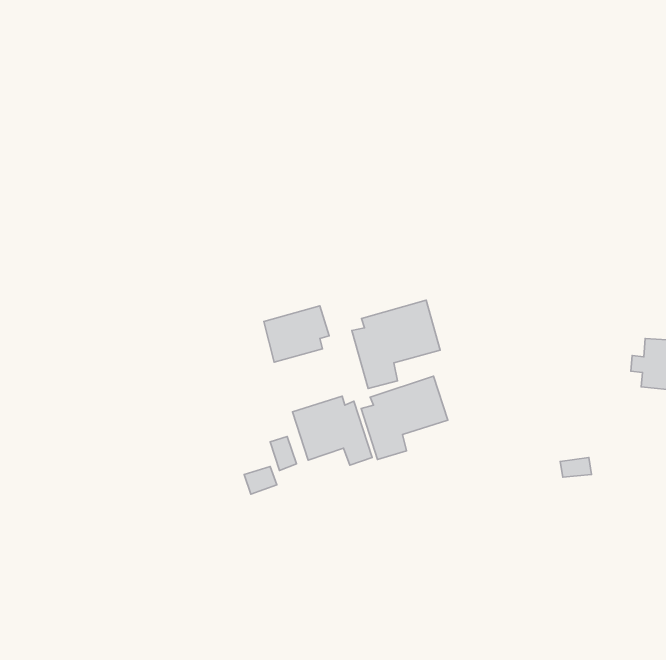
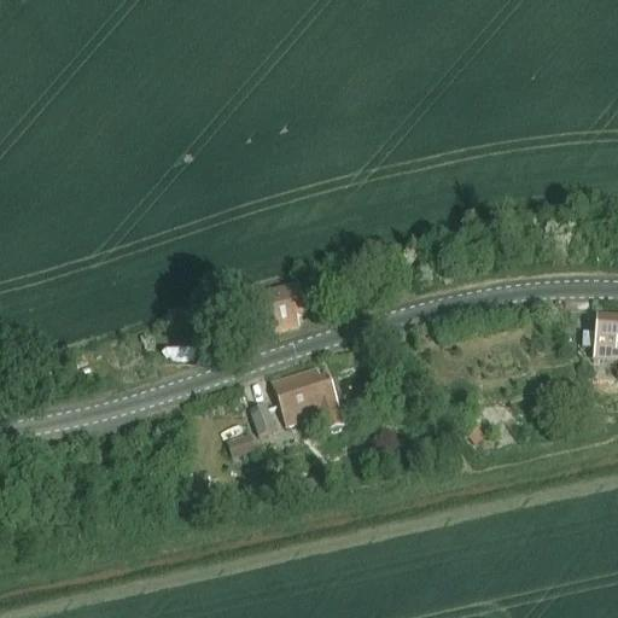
building: [352,300,440,389] -> none
building: [361,376,448,460] -> none

